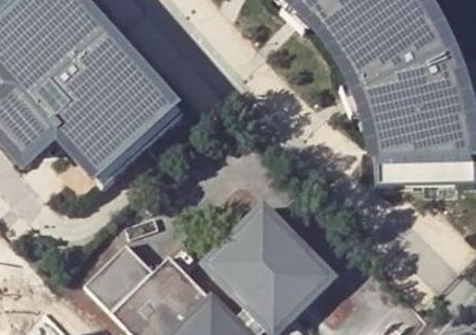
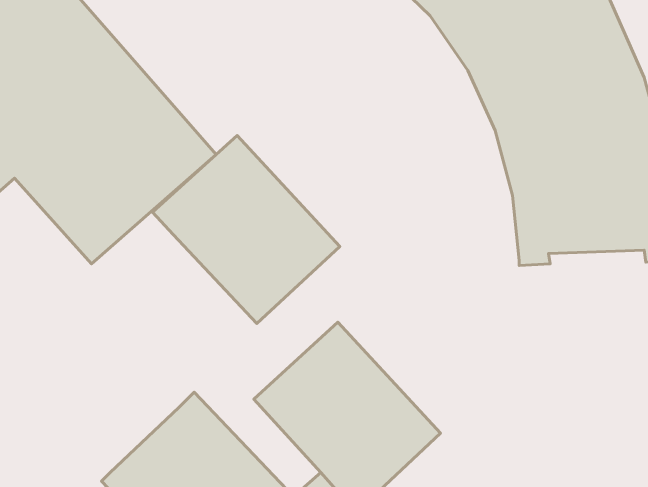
building: none -> [153,135,340,323]
building: [91,244,160,313] -> none

